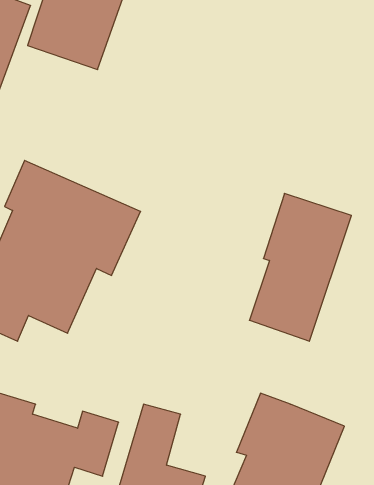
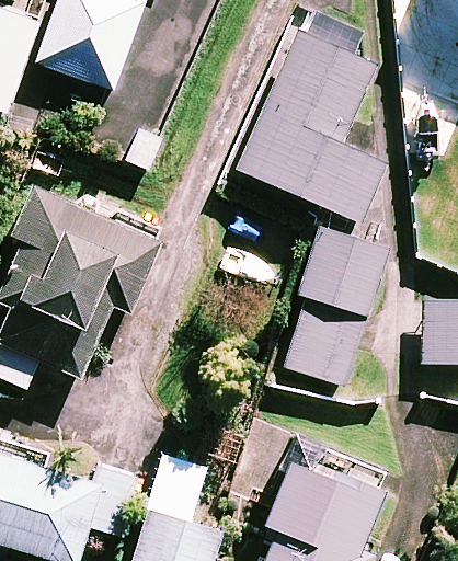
building: none -> [237,32,386,225]

